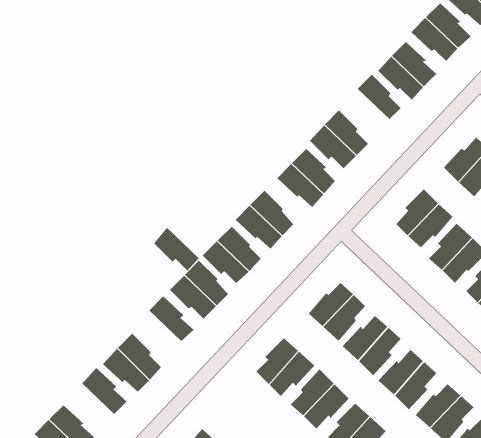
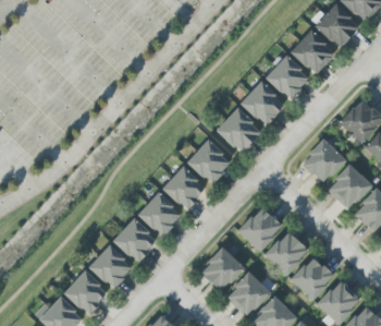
building: none -> [265,65,299,98]
building: [153,227,199,271] -> [113,228,147,261]
building: none -> [63,281,98,313]

